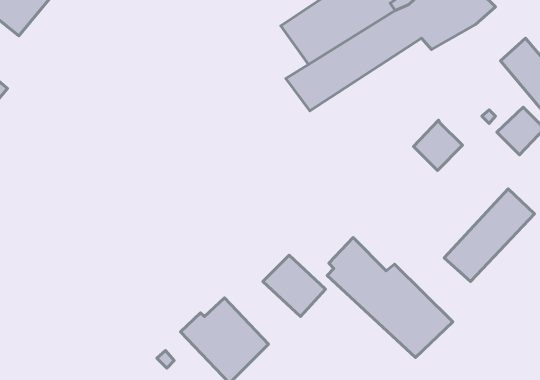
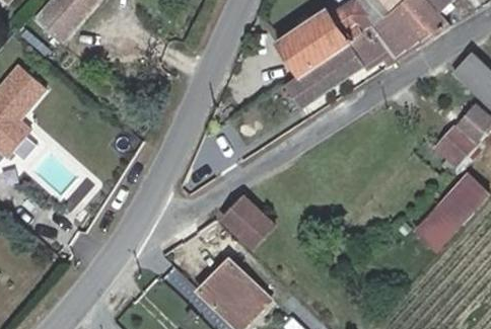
building: [414,120,462,170] -> [430,124,470,164]
building: [327,237,453,357] -> none
building: [263,255,326,317] -> [221,193,272,243]

